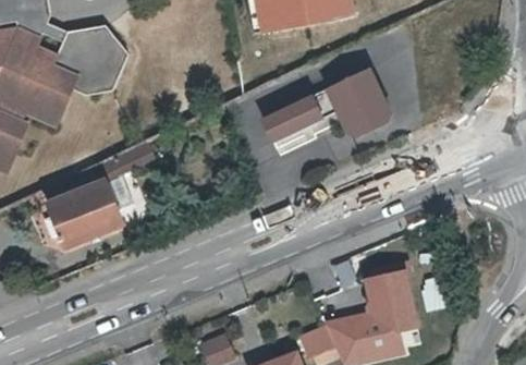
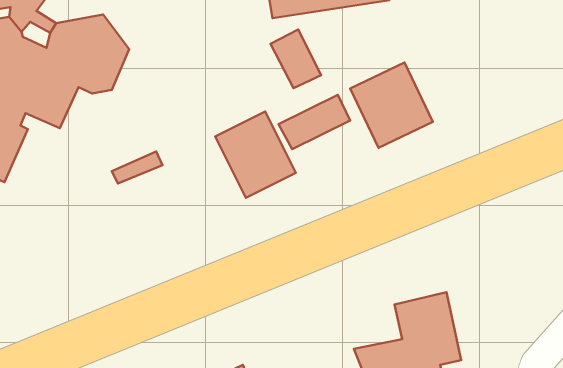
building: none -> [270,29,321,88]
building: none -> [215,111,296,198]
building: [40,180,122,253] -> none

